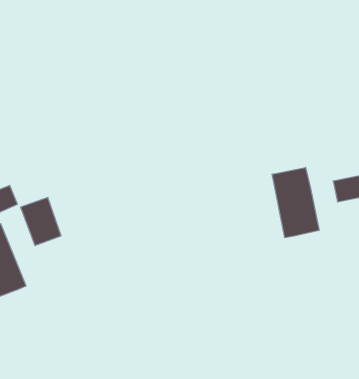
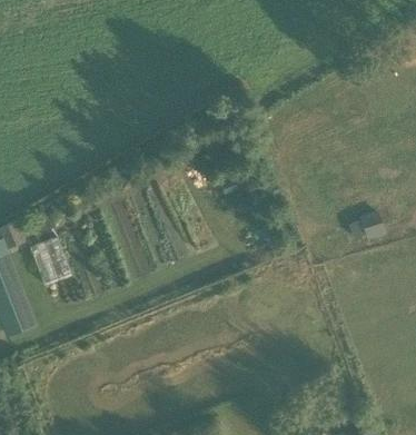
building: [272,167,319,238] -> none

